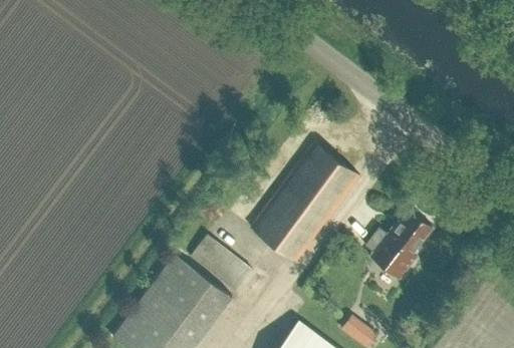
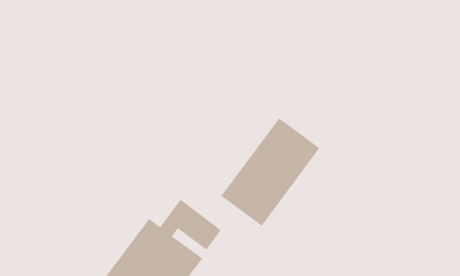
building: [366,213,432,281] -> none

